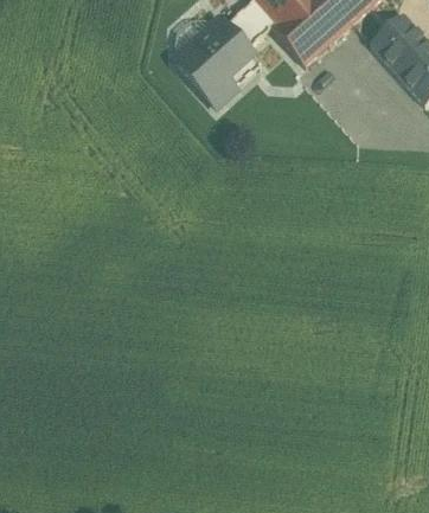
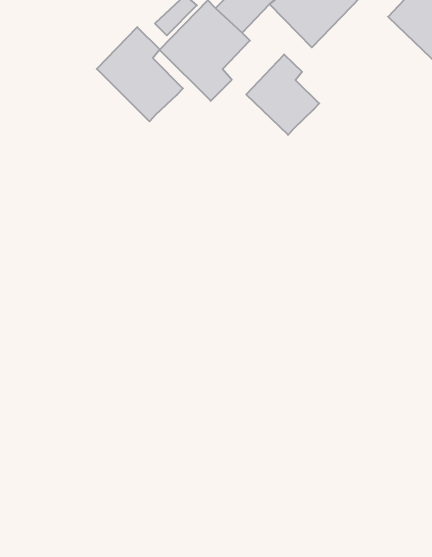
building: none -> [97,27,183,121]
building: none -> [246,54,319,135]

